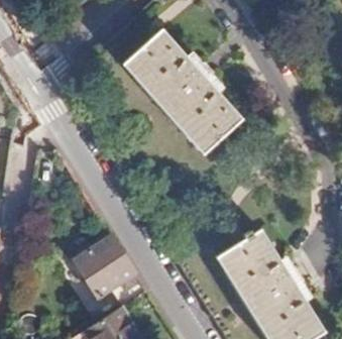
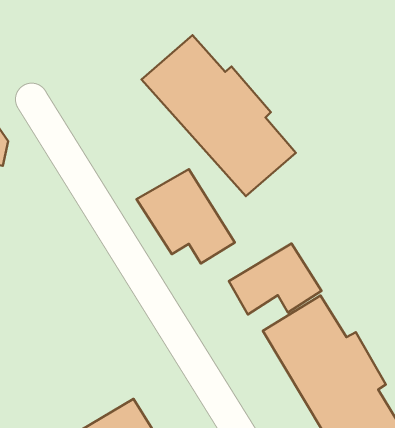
building: none -> [229,243,322,314]
building: [71,234,146,307] -> [137,169,235,263]

